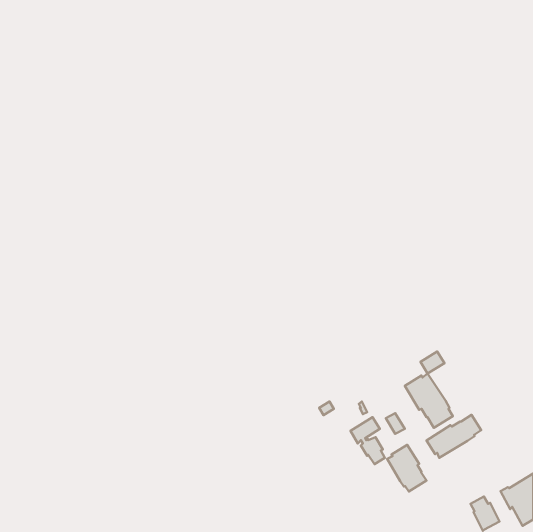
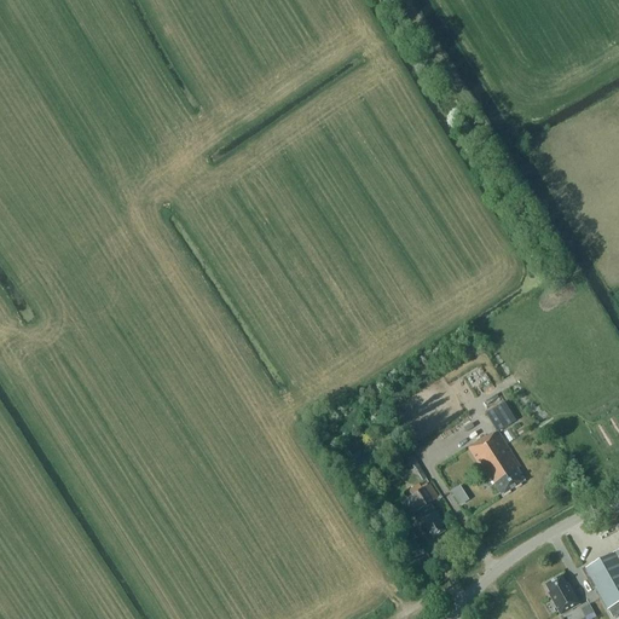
building: [427,415,481,458] -> none
building: [387,445,426,492] -> none

